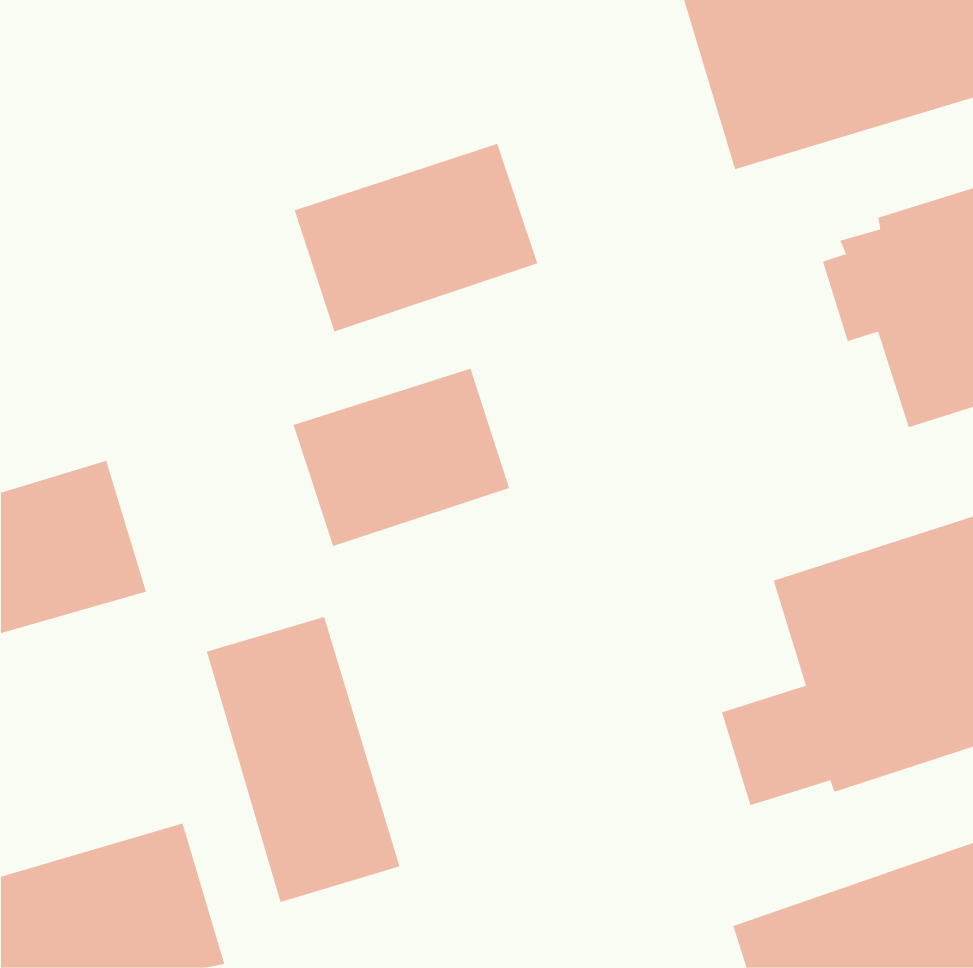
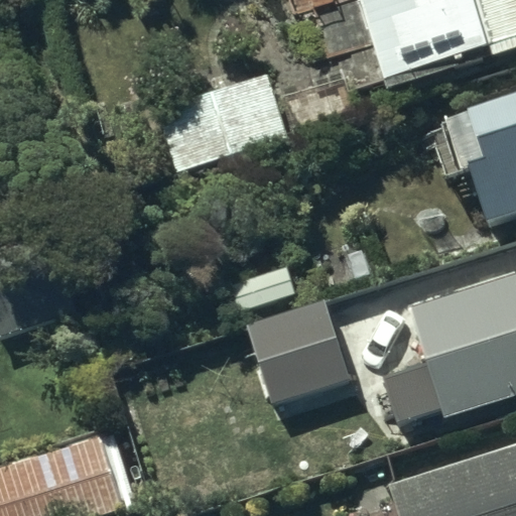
building: [293,368,510,547] -> none
building: none -> [243,298,352,406]
building: [206,616,400,903] -> none

